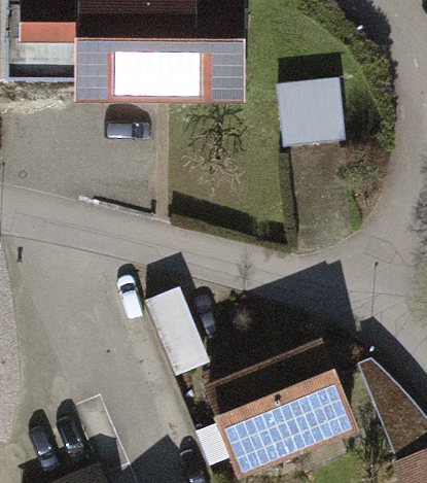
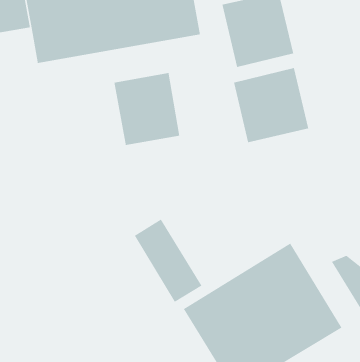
building: none -> [113,72,180,146]
building: none -> [233,67,309,143]

